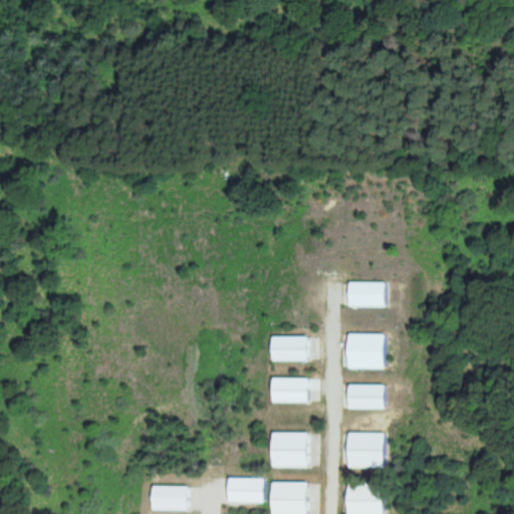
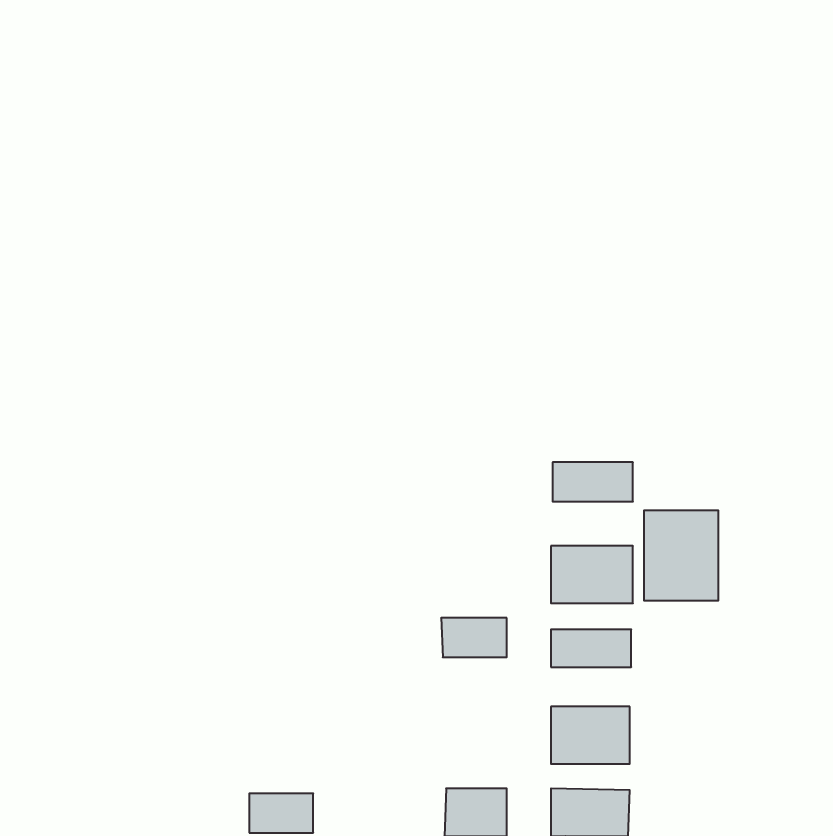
building: none -> [644,510,718,601]
building: [272,336,310,361] -> none
building: [272,433,310,468] -> none
building: [225,478,266,503] -> none

